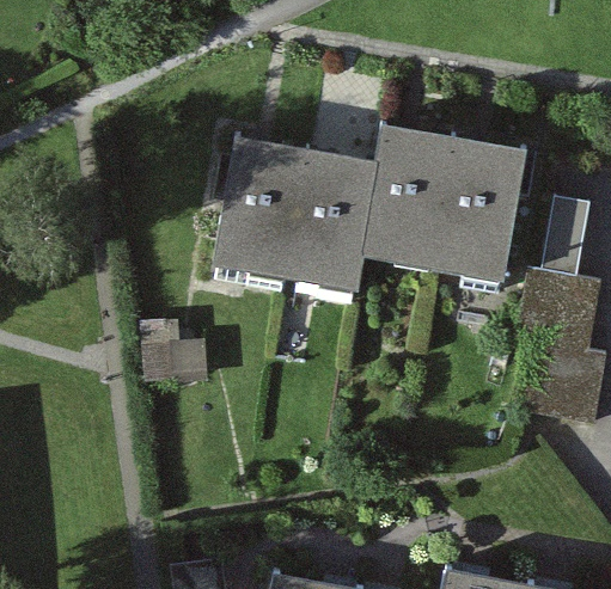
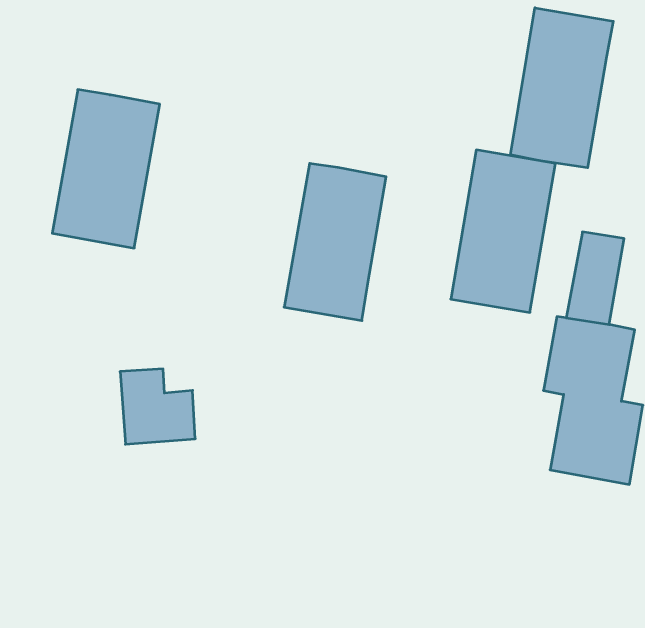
building: none -> [511,8,613,168]
building: [360,123,457,269] -> none
building: [213,135,308,276] -> [52,90,160,248]

